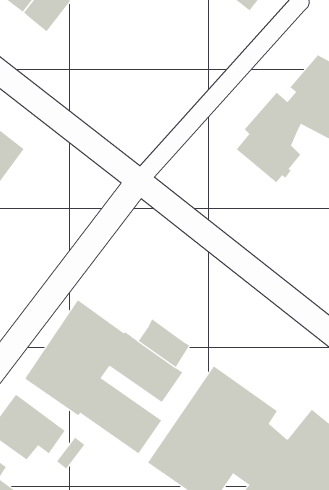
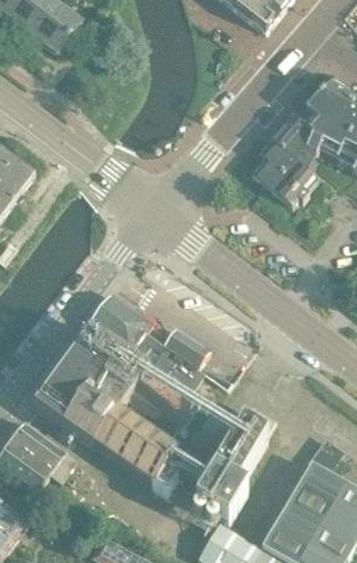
building: none -> [90,296,153,361]
building: none -> [165,329,209,370]

